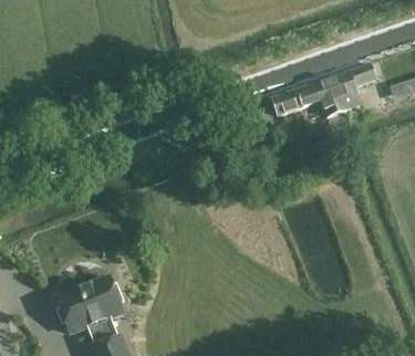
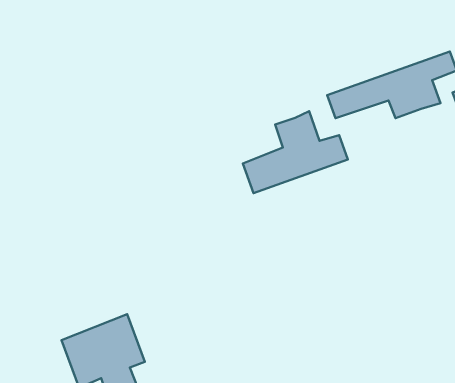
building: none -> [243,111,348,193]

